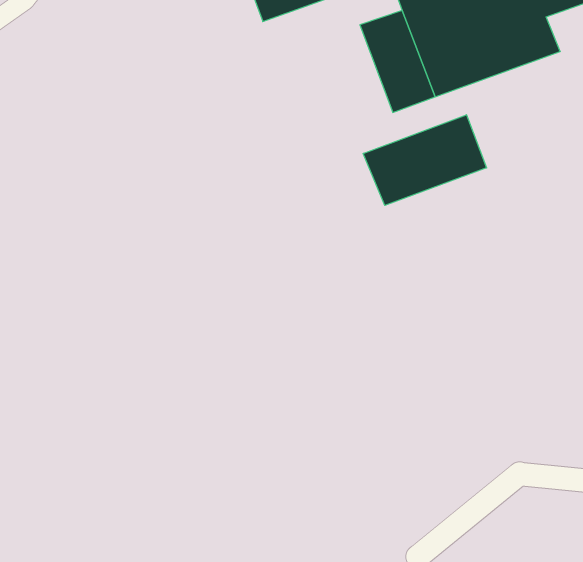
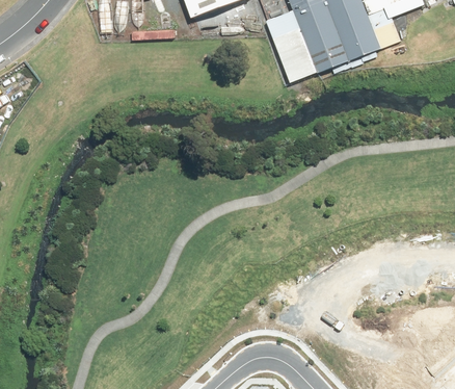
building: [363,115,487,205] -> none

